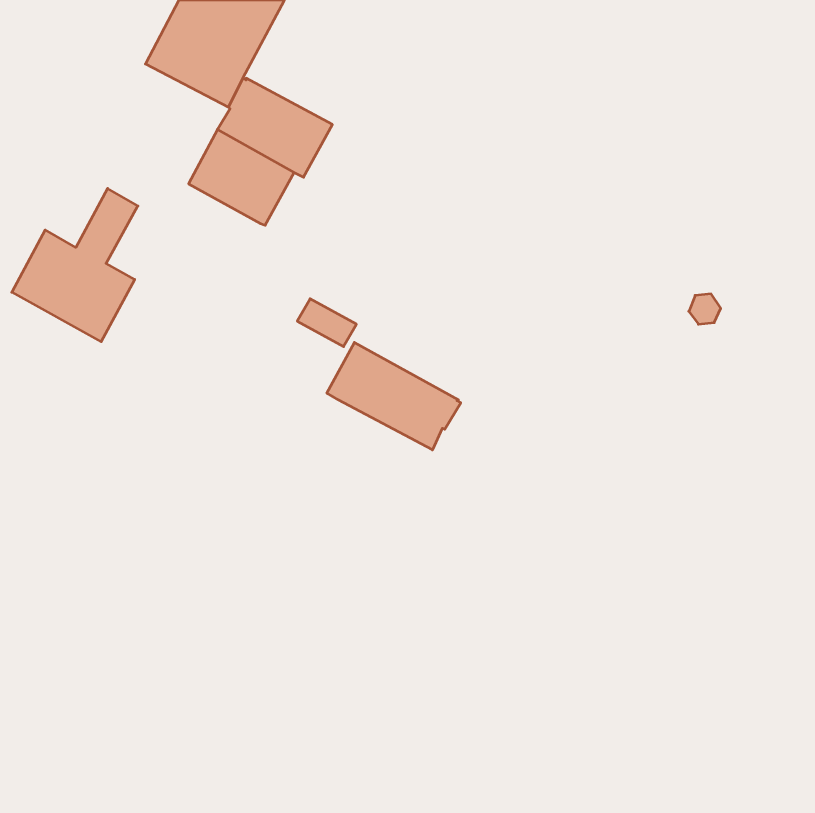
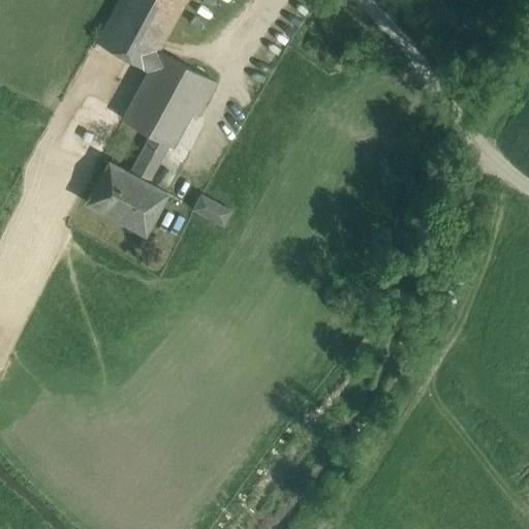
building: [12,188,138,342] -> [87,135,168,235]
building: [327,342,461,450] -> none

